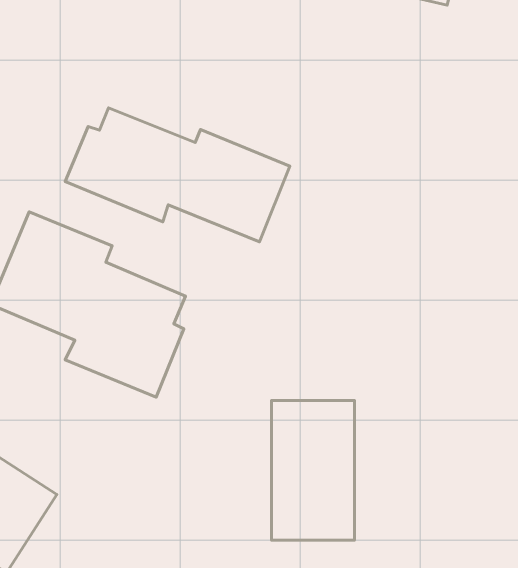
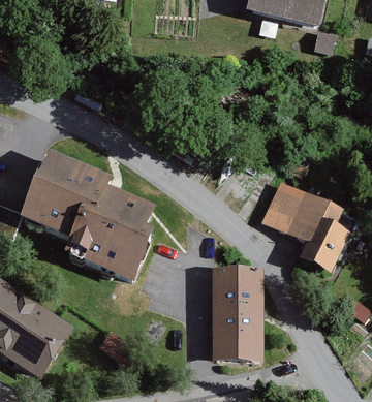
building: [65,108,290,242] -> none
building: none -> [275,189,357,279]

